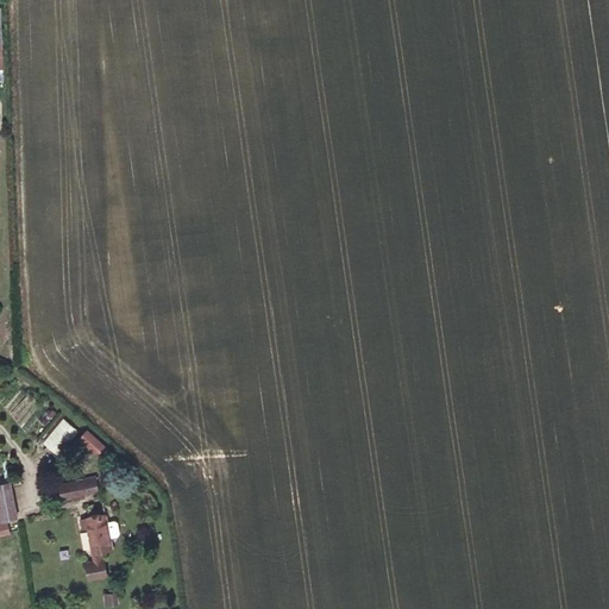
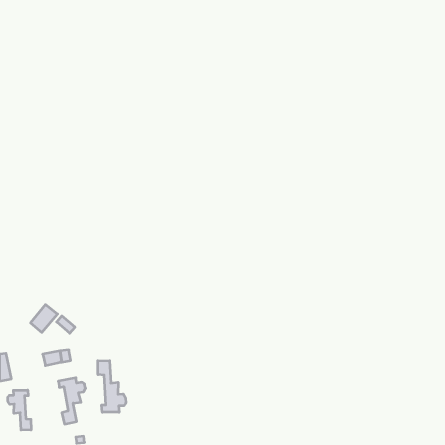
building: none -> [98,361,126,412]
building: none -> [8,390,31,430]

